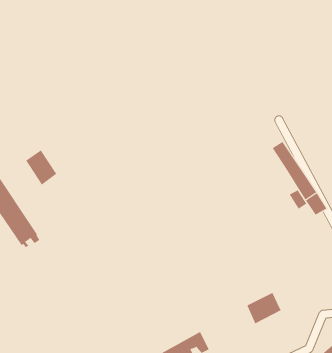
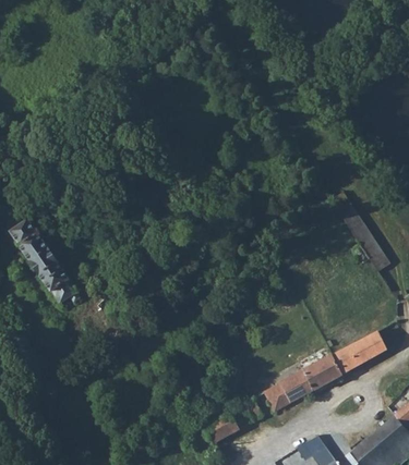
building: [25,149,57,186] -> none
building: none -> [332,331,386,374]
building: none -> [264,370,312,409]

